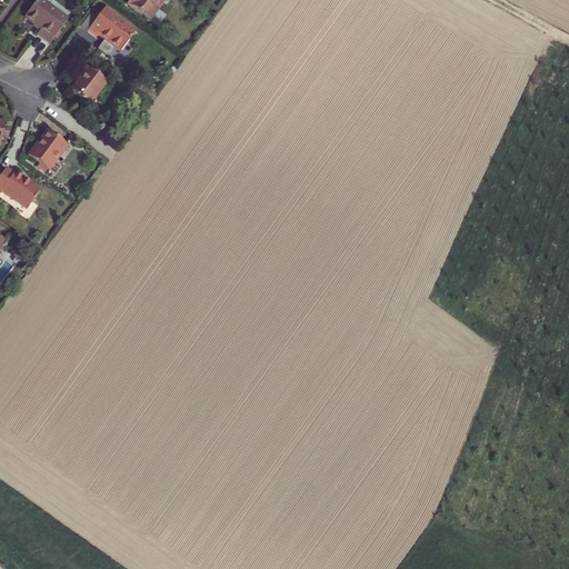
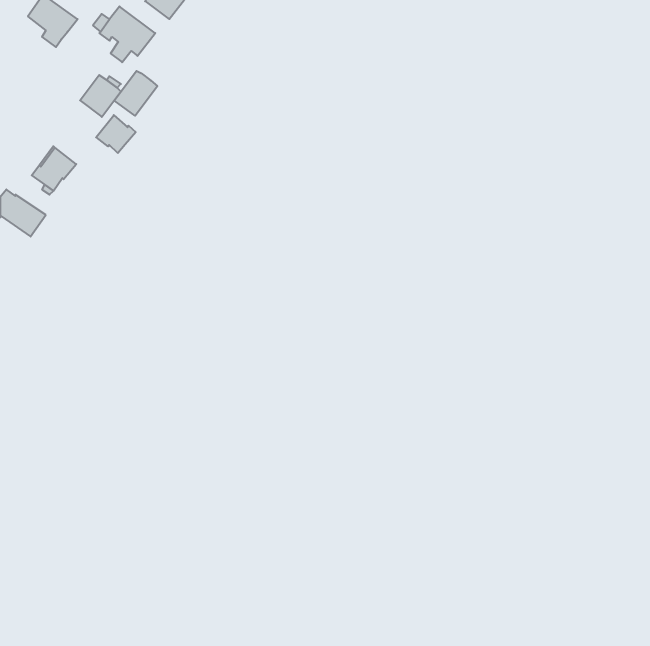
building: none -> [114,71,157,116]
building: none -> [96,115,136,153]

